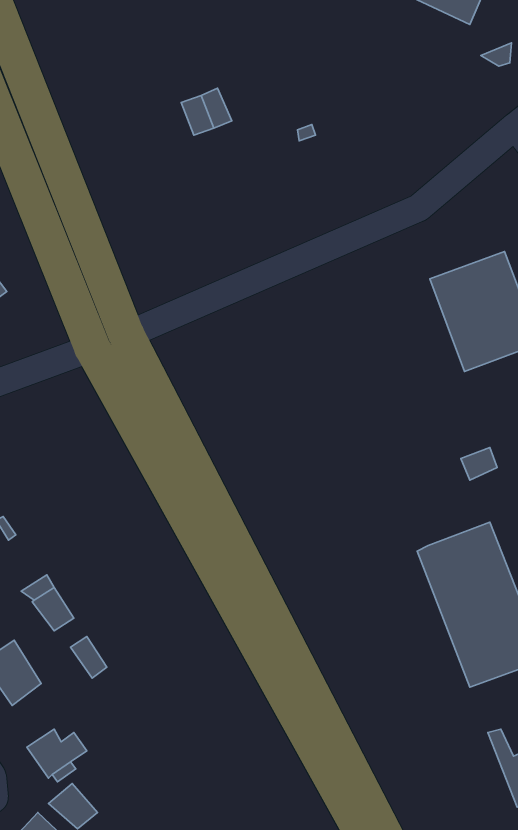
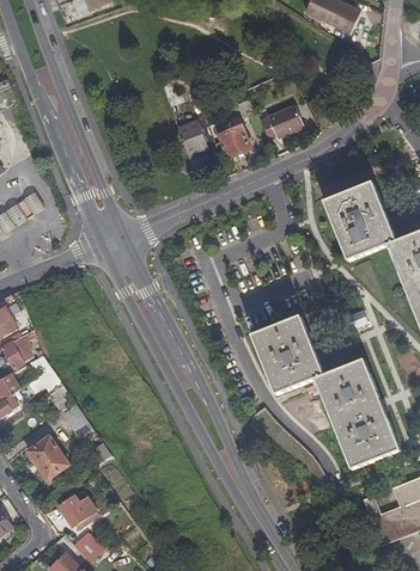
building: none -> [258,103,302,137]
building: none -> [176,119,205,154]
building: none -> [213,124,249,159]
building: none -> [250,314,322,393]

